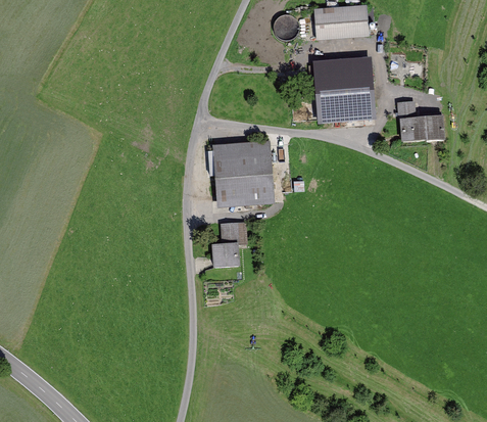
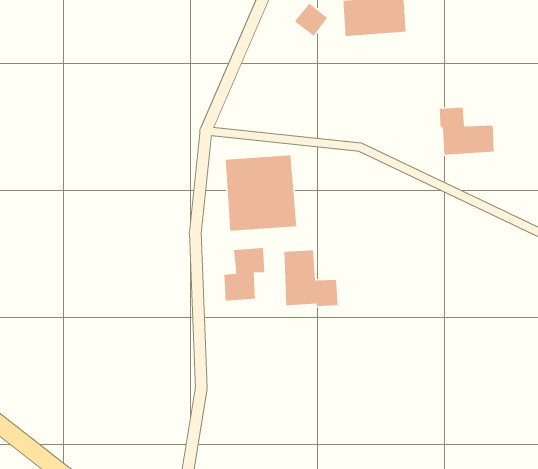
building: [313,56,375,124] -> none
building: none -> [284,249,338,307]

